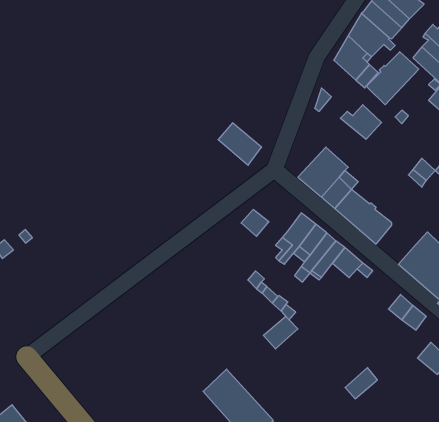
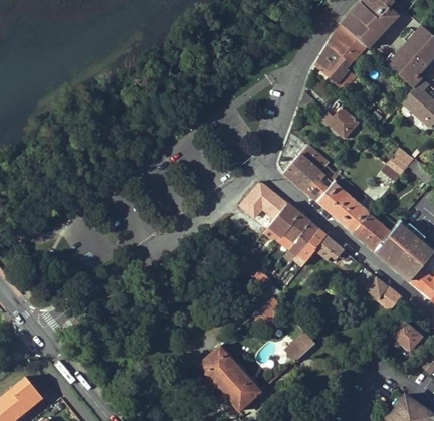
building: [367,52,419,105] -> none
building: [218,123,262,165] -> [247,181,286,219]
building: none -> [354,212,390,249]
building: [345,368,377,399] -> [285,332,314,360]

